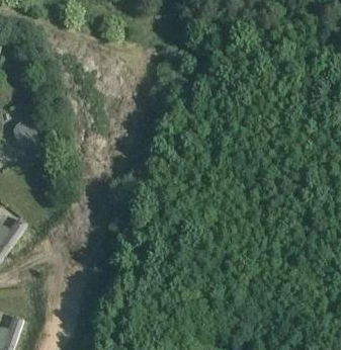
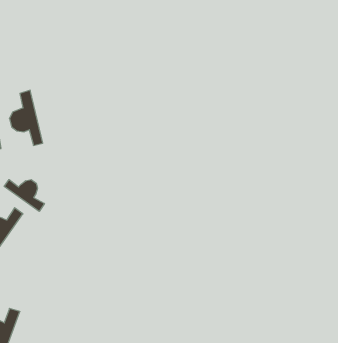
building: none -> [4,180,44,211]

